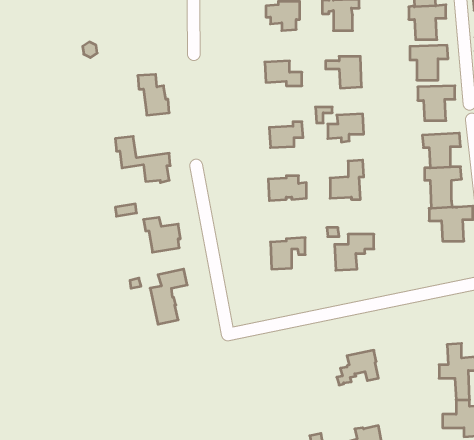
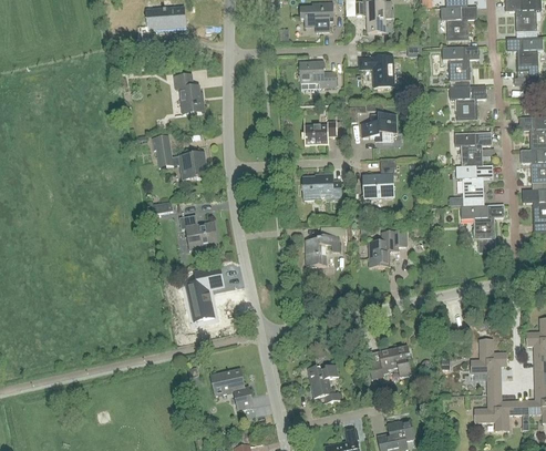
building: none -> [142,6,185,43]
building: none -> [308,366,343,402]
building: none -> [212,369,253,410]

